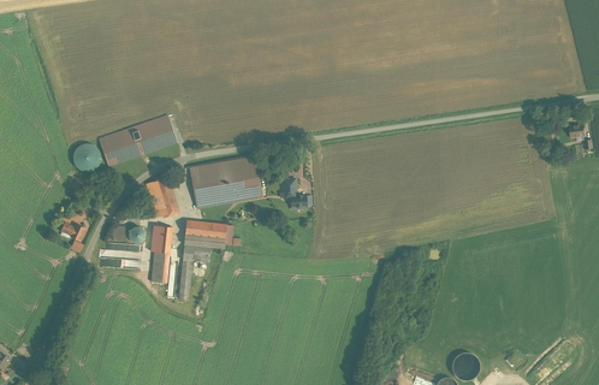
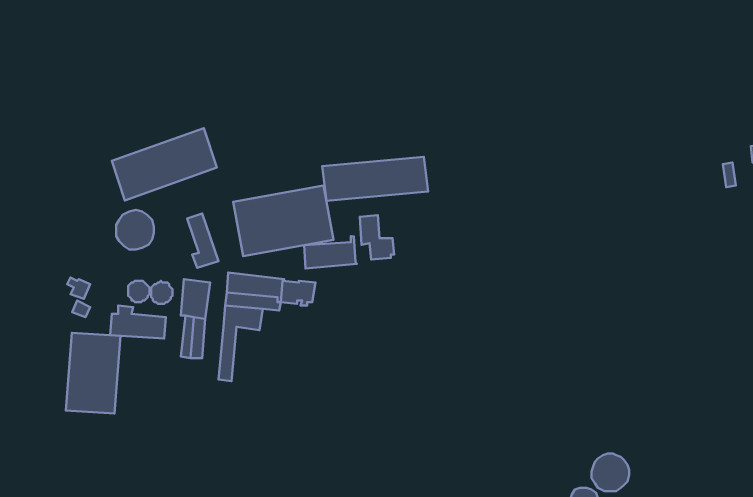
building: none -> [322,157,428,201]
building: [72,142,100,171] -> [116,210,154,249]
building: none -> [304,236,357,268]
building: none -> [66,333,120,414]

